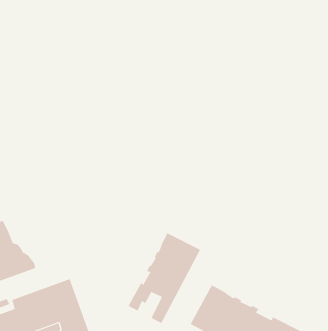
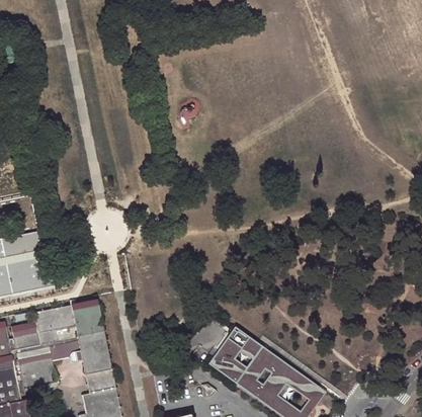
building: [128,233,201,324] -> none

